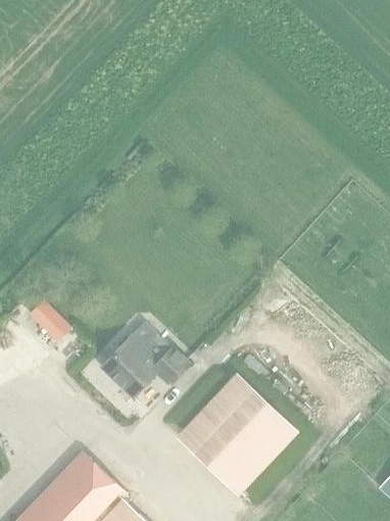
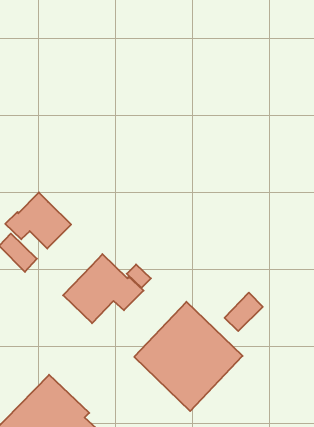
building: none -> [5,192,71,249]
building: none -> [225,293,263,331]

